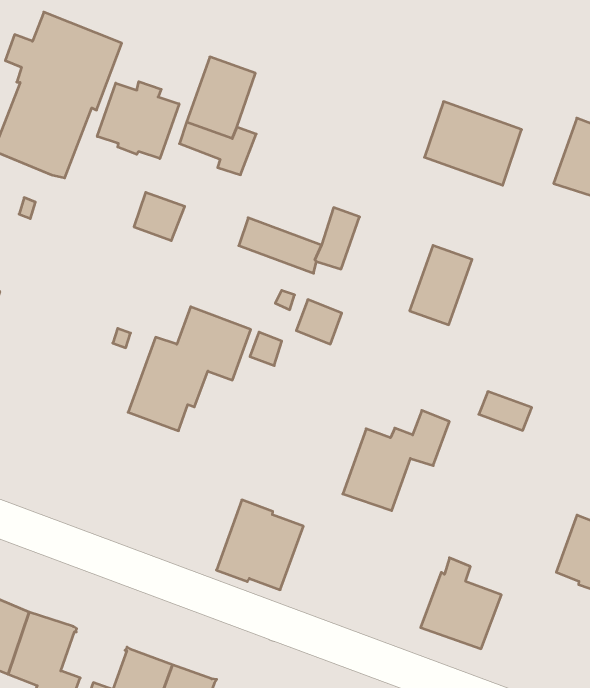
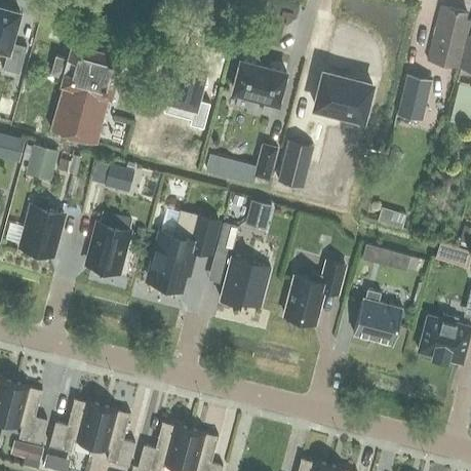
building: none -> [233,62,286,115]
building: [97,82,179,159] -> none
building: [134,192,185,241] -> [105,165,134,193]
building: [410,245,472,325] -> [278,141,313,188]
building: none -> [90,224,129,273]
building: [216,500,303,590] -> [220,258,270,310]
building: [421,558,501,649] -> [354,290,401,344]

